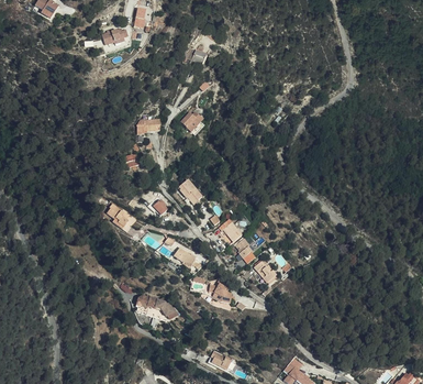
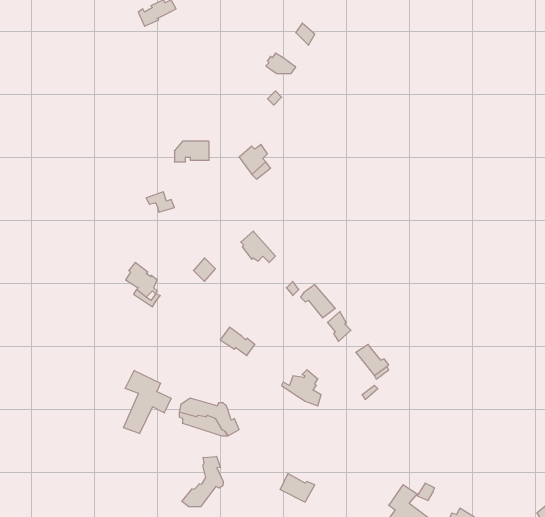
building: none -> [124,370,171,434]
building: none -> [182,456,223,507]

